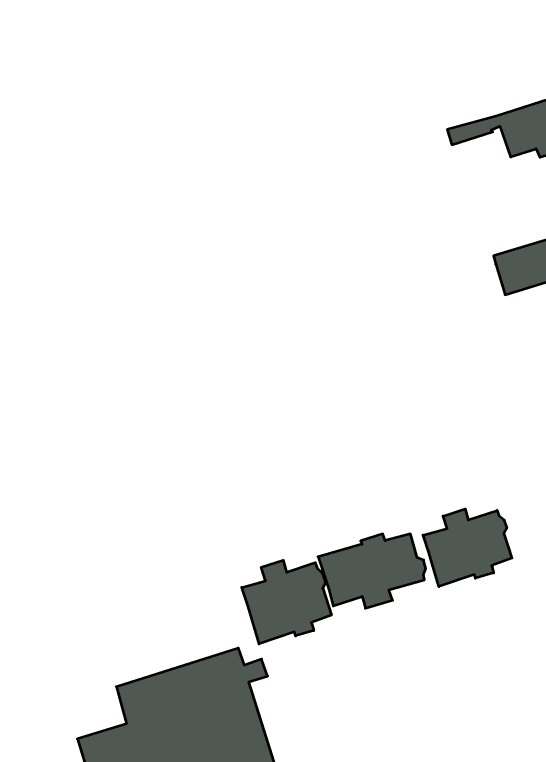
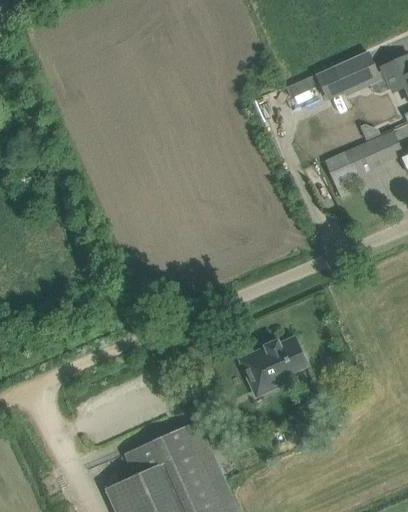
building: [423,509,512,587] -> none
building: [242,560,331,644] -> none

